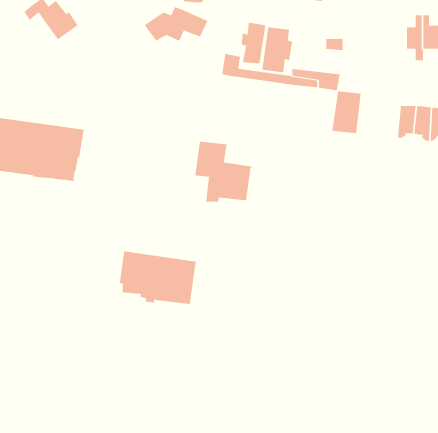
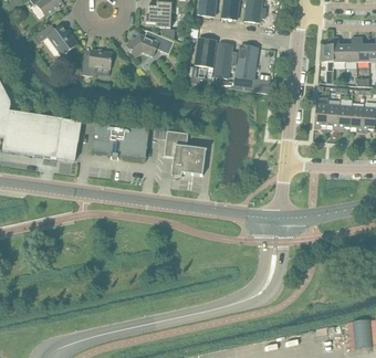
building: none -> [81,49,112,75]
building: [332,91,361,134] -> [236,43,258,75]
building: [119,251,196,305] -> [92,119,149,159]

